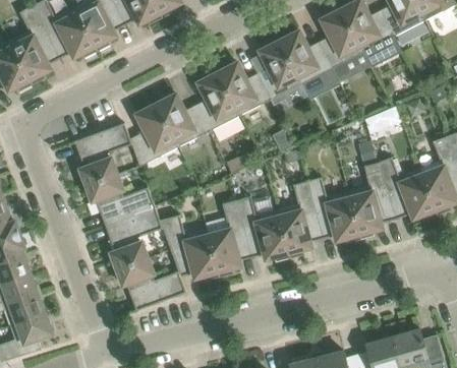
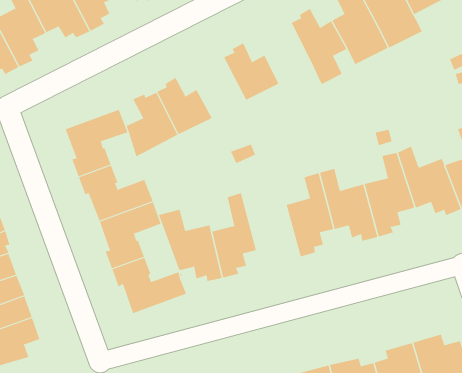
building: [256,41,306,107] -> none
building: [194,72,239,131] -> none
building: [235,196,289,262] -> none

